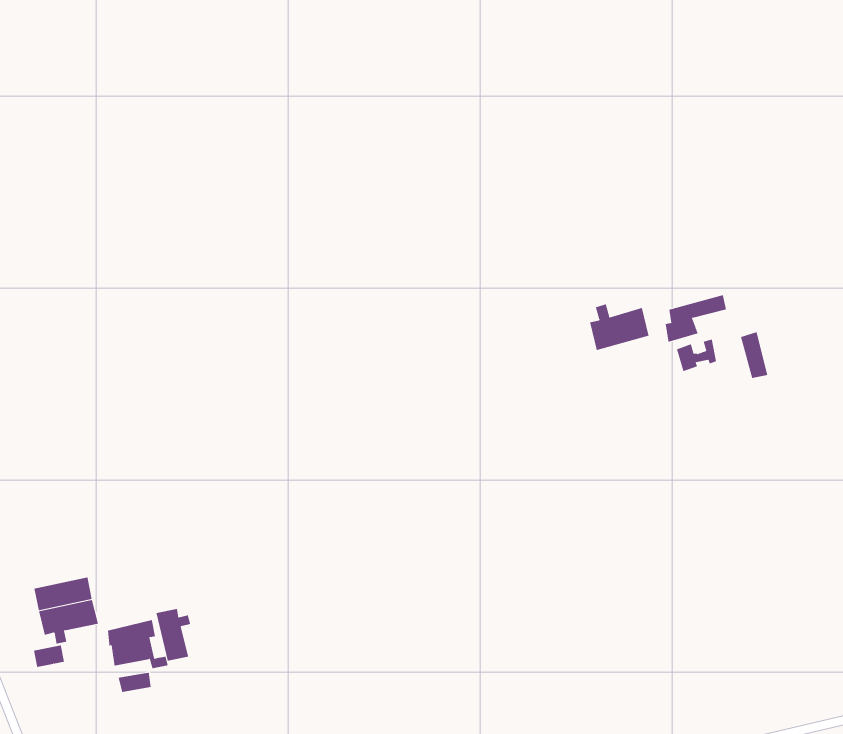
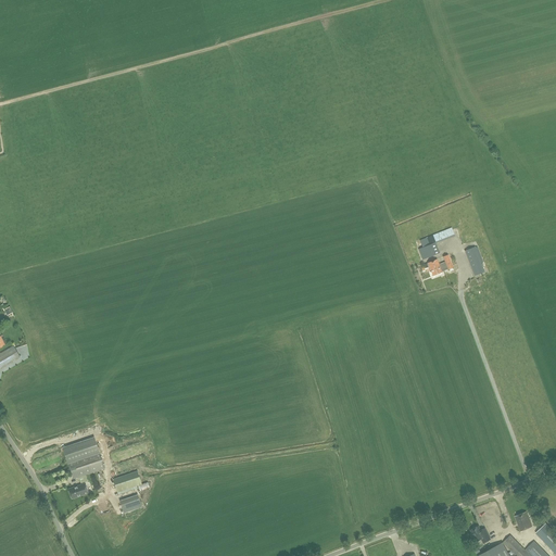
building: [590,304,649,351] -> none
building: [156,608,191,661] -> none

